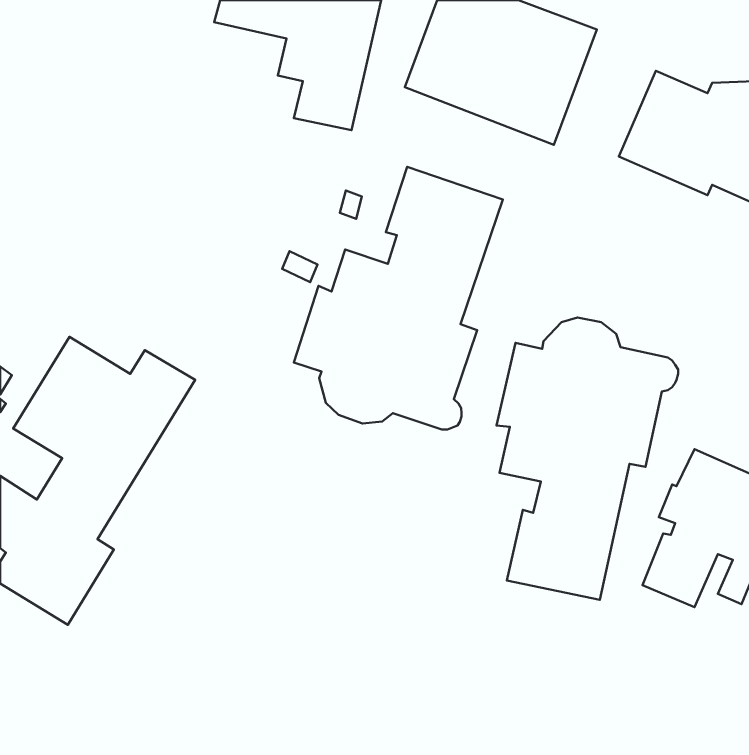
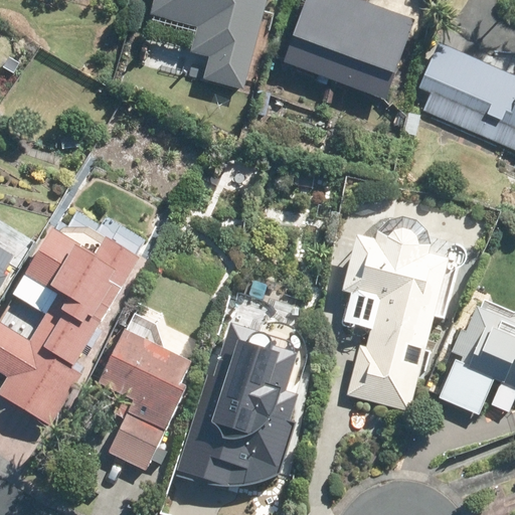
building: [294,167,503,430] -> none
building: none -> [178,323,298,485]
building: none -> [96,329,186,470]

